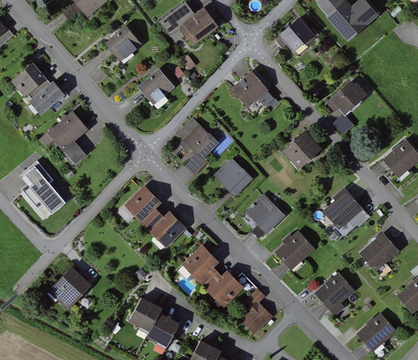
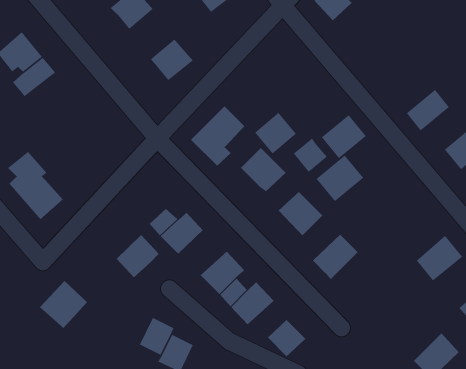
building: [232,70,267,106] -> [254,112,297,155]
building: [329,80,365,116] -> [406,89,450,132]
building: [48,112,85,163] -> none
building: none -> [293,137,328,173]
building: [123,185,160,222] -> [116,234,160,278]
building: [321,189,362,229] -> [315,155,364,202]
building: [316,273,355,315] -> none

